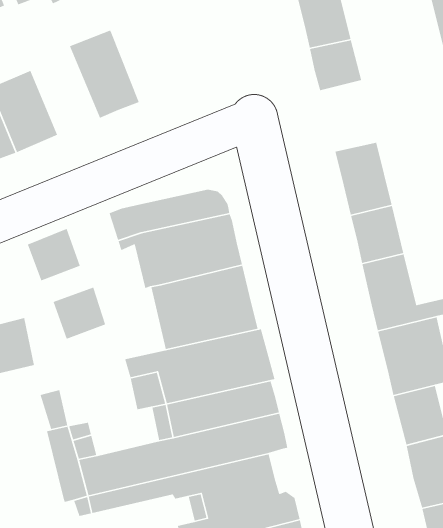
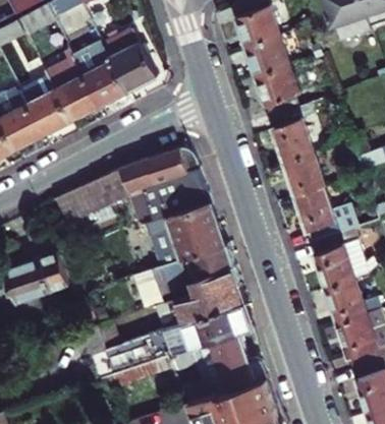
building: none -> [102,29,157,94]
building: none -> [45,58,99,122]
building: none -> [254,64,297,116]
building: [52,287,106,340] -> [82,174,122,214]

